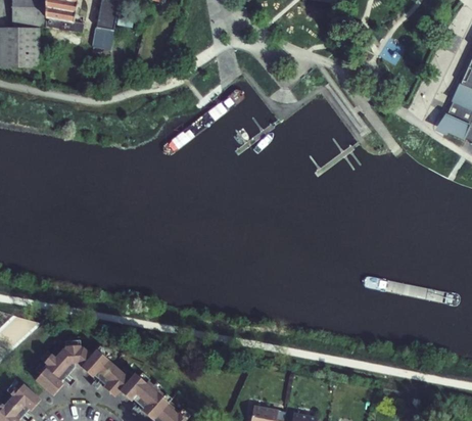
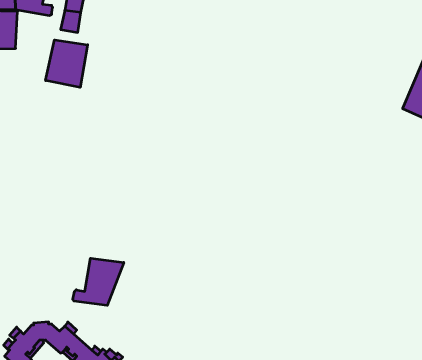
building: none -> [46,40,88,87]
building: none -> [73,258,124,305]

